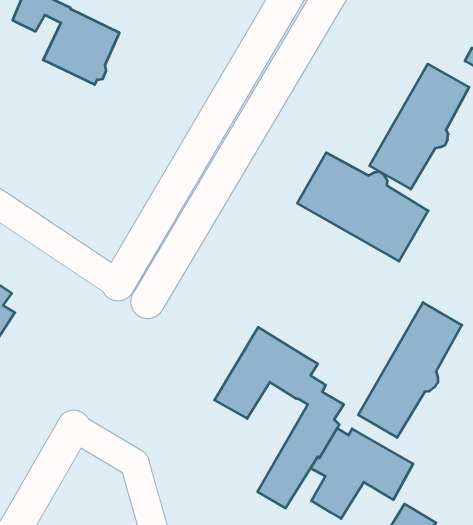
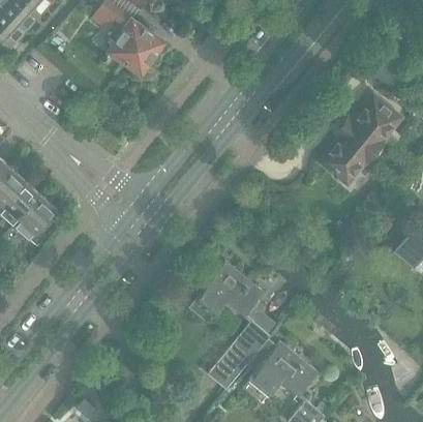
building: [297,153,428,261] -> none
building: [358,302,462,438] -> none

